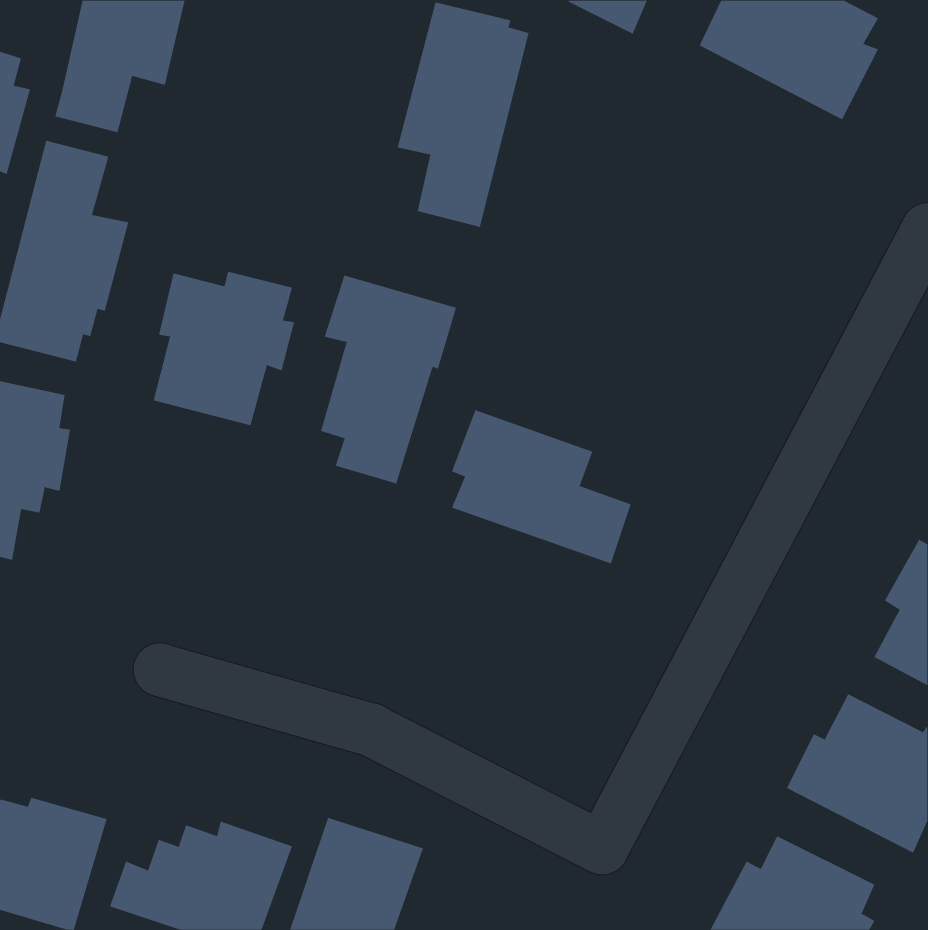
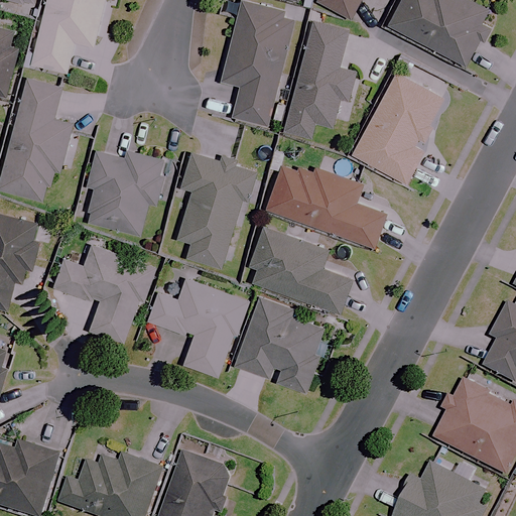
building: none -> [282,21,355,138]
building: none -> [352,72,442,183]
building: none -> [265,164,384,247]
building: none -> [53,244,155,343]
building: none -> [148,277,247,376]
building: none -> [234,296,324,391]

